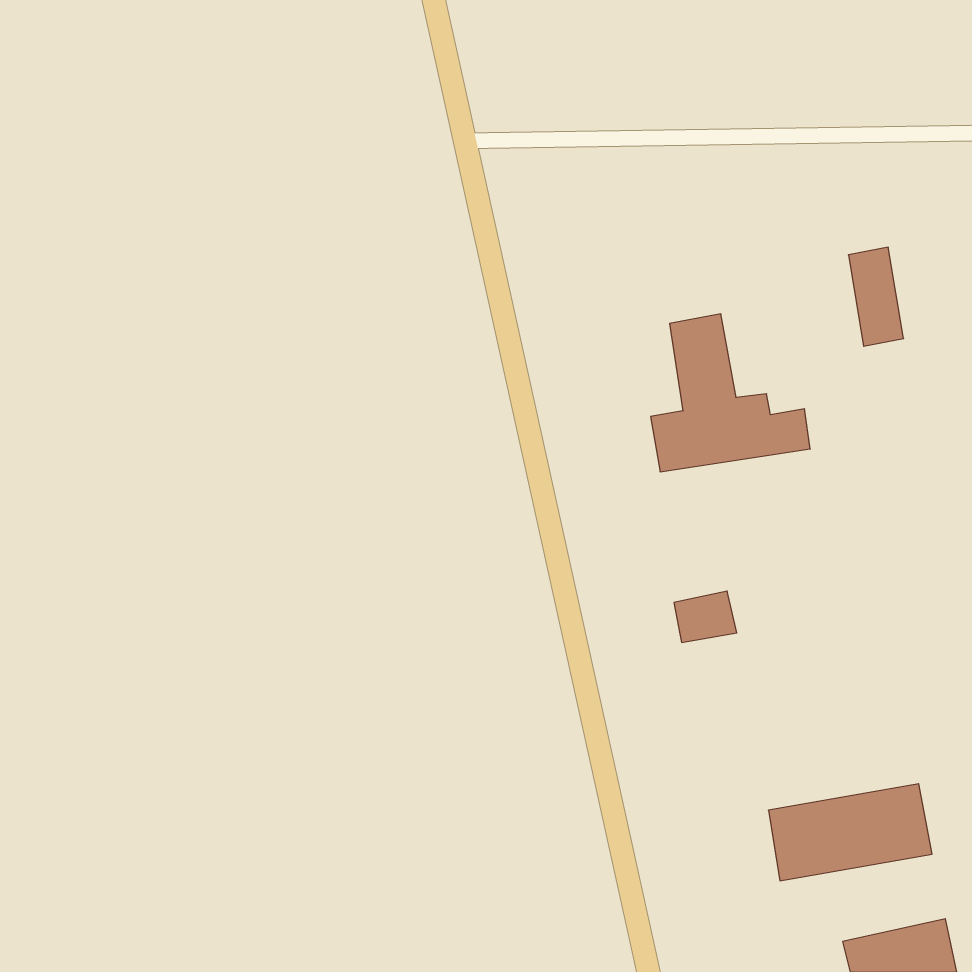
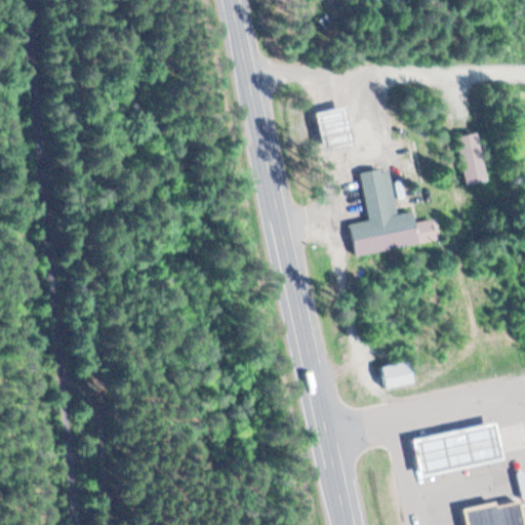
building: none -> [320,112,352,148]
building: [674,591,737,642] -> [383,363,417,391]

